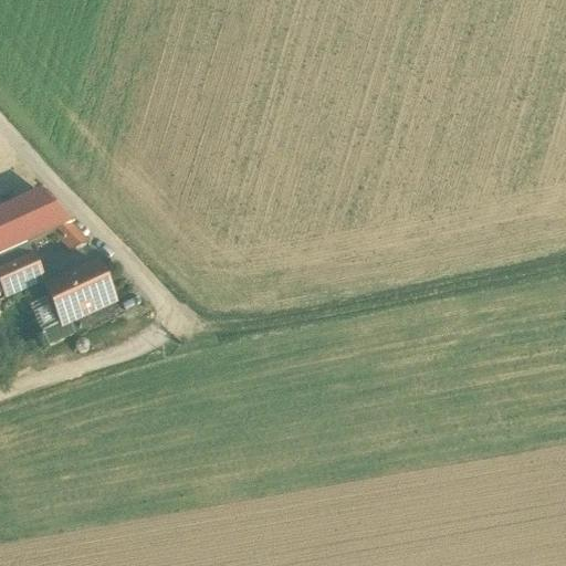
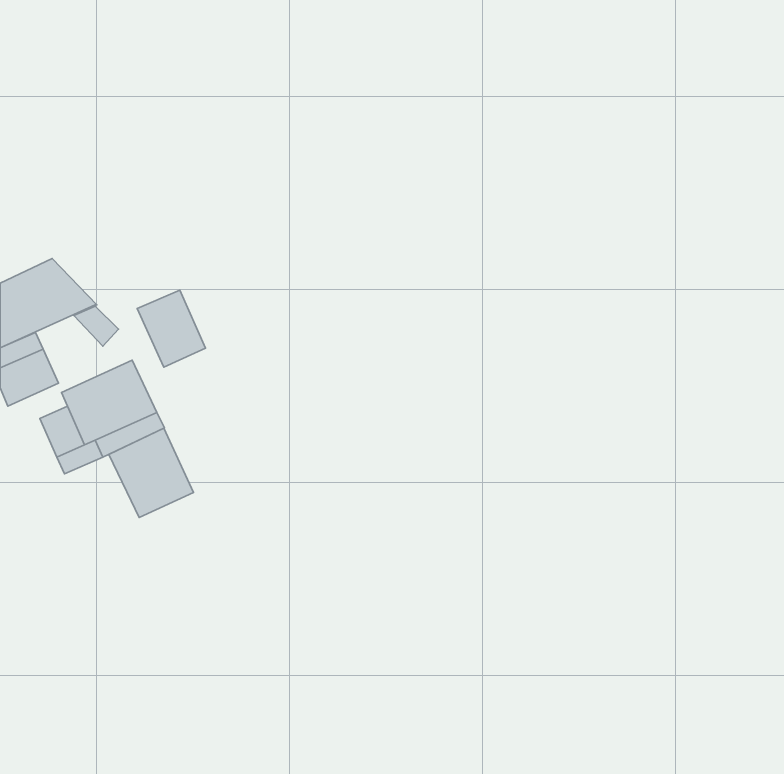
building: none -> [137,290,206,367]
building: none -> [109,428,194,518]

